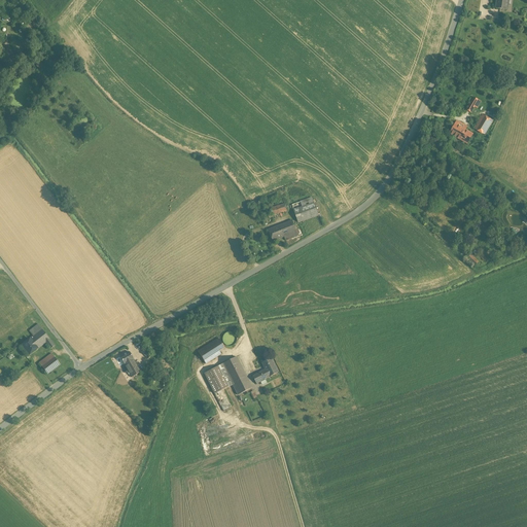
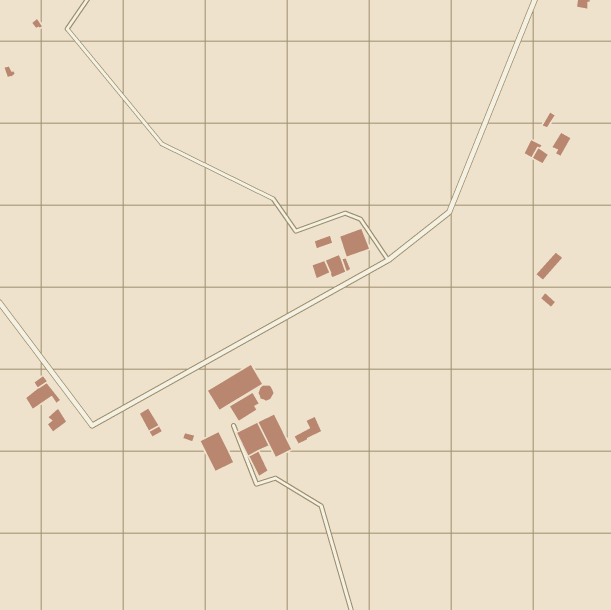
building: none -> [207,364,263,411]
building: none -> [200,431,234,472]

